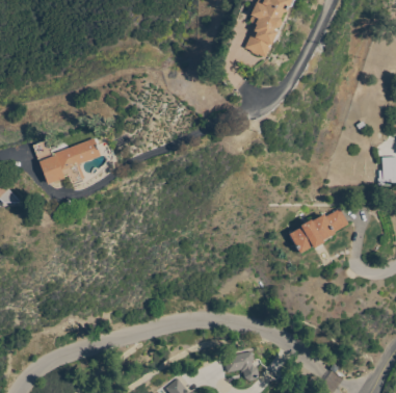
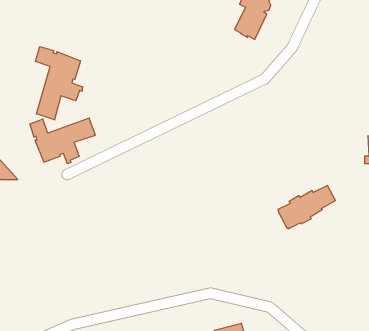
building: none -> [35,47,83,120]

